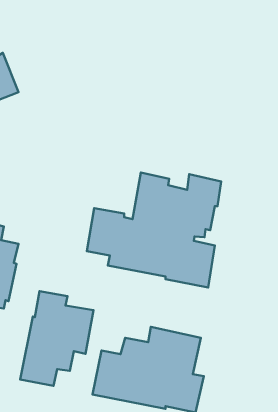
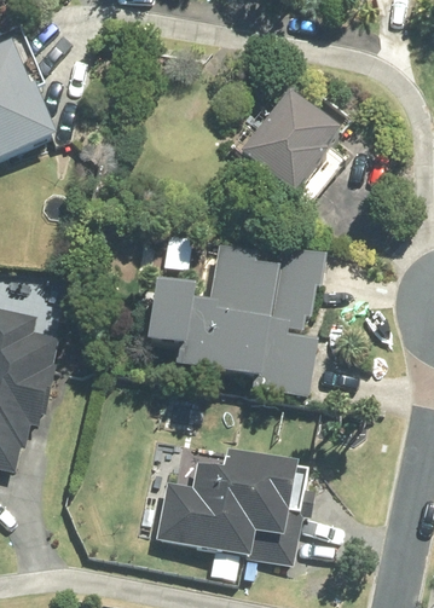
building: none -> [241,94,342,198]
building: [20,291,94,386] -> none

